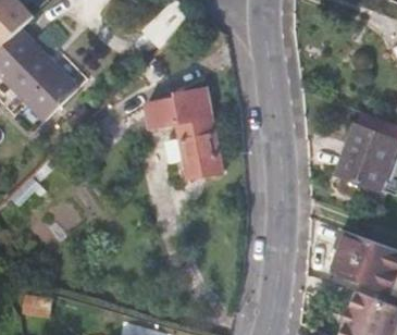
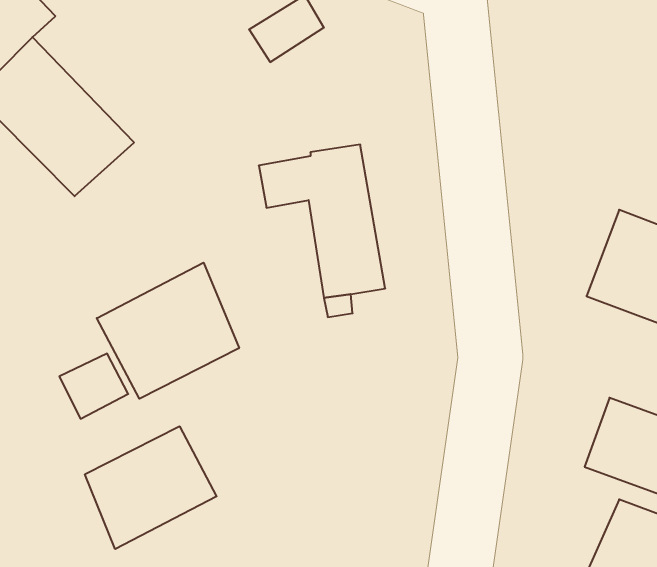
building: none -> [97,263,239,399]
building: none -> [85,426,217,549]

